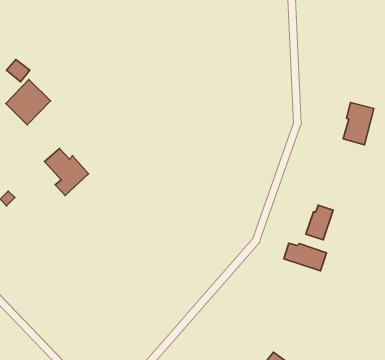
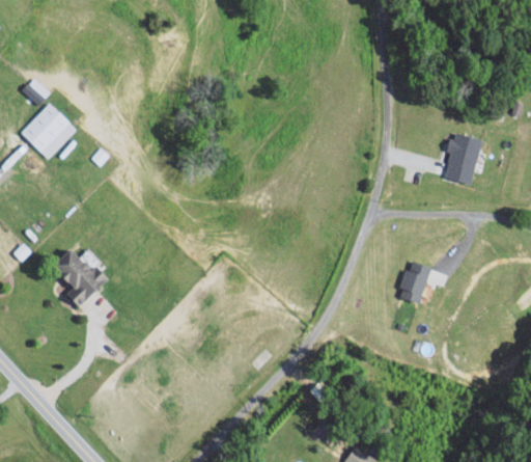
building: [45,148,88,195] -> [52,248,107,307]
building: [284,243,327,271] -> none

